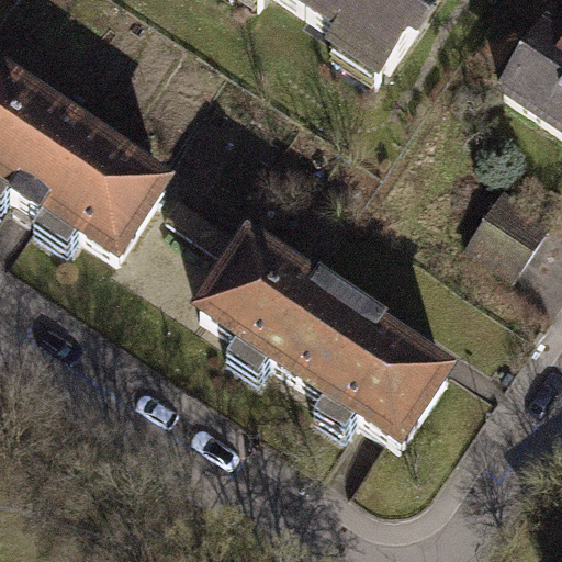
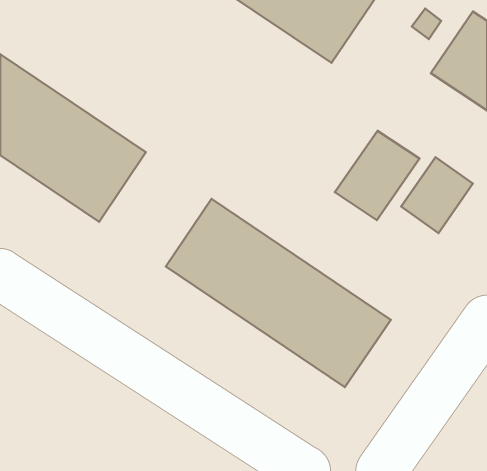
building: none -> [335,131,419,220]

